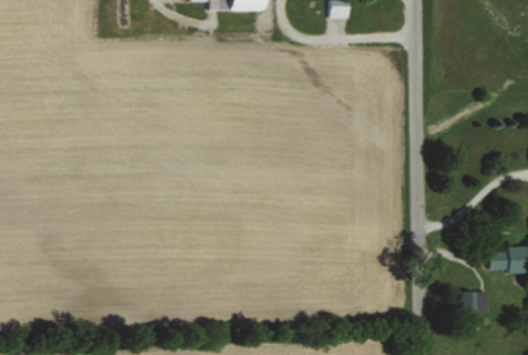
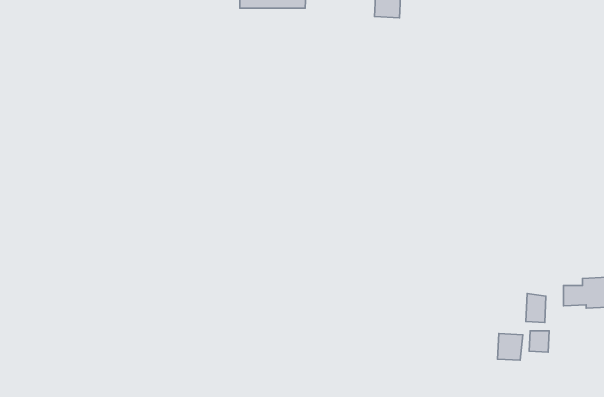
building: none -> [526,294,546,322]
building: none -> [498,334,523,360]

